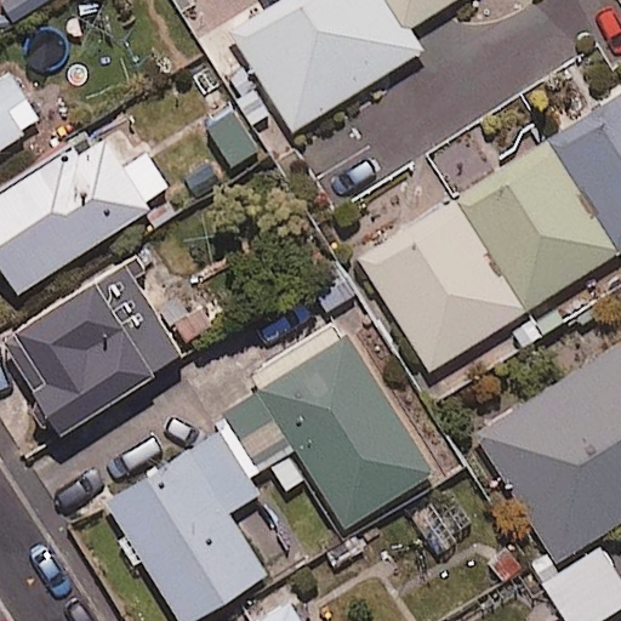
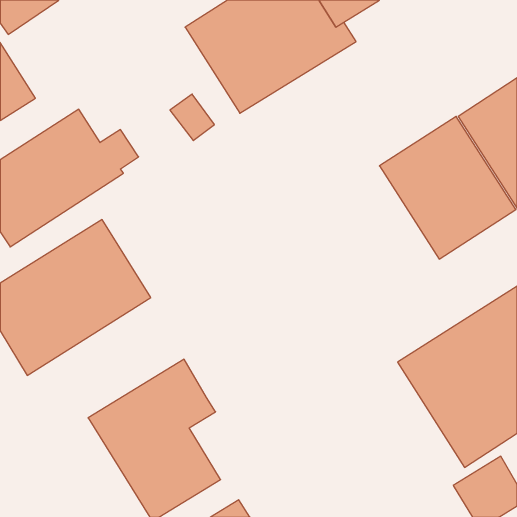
building: [359,201,524,371] -> none
building: [213,313,431,528] -> none

